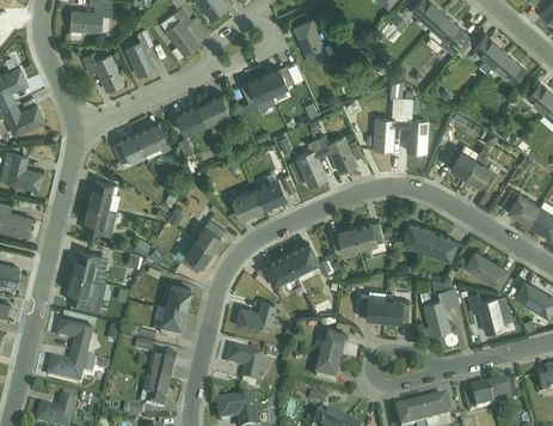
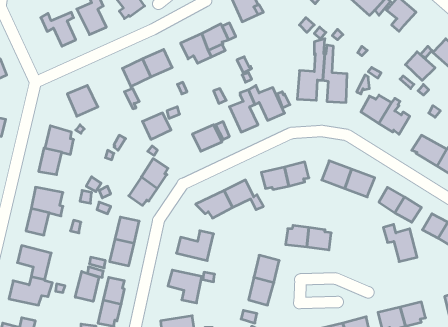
building: [492,53,526,85] -> [405,52,435,80]
building: [135,124,170,160] -> none
building: [231,190,263,220] -> [142,113,171,139]
building: [425,286,460,334] -> none
building: none -> [75,271,99,301]

